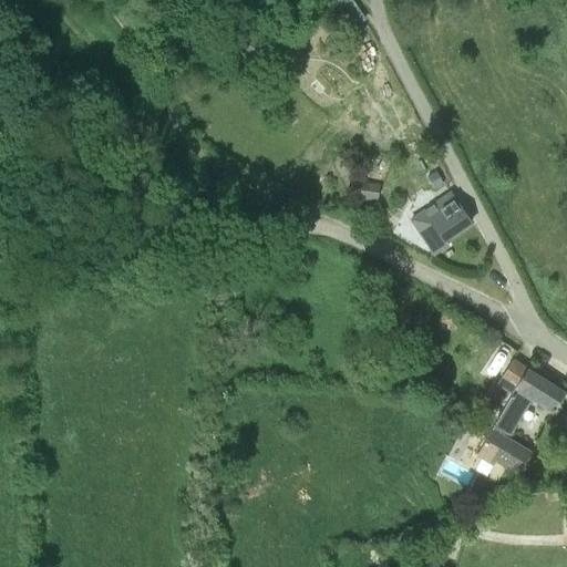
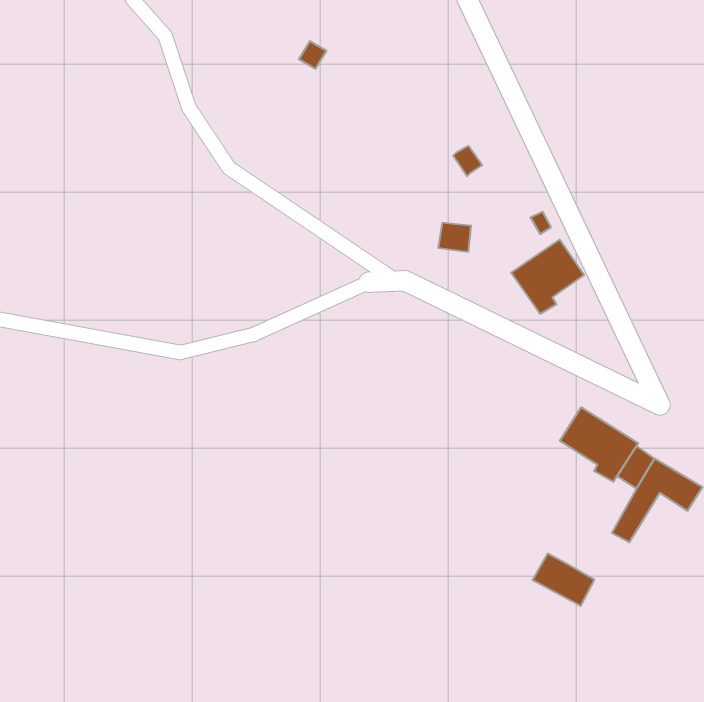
building: none -> [560,407,638,482]
building: [480,429,529,471] -> [532,554,594,606]

